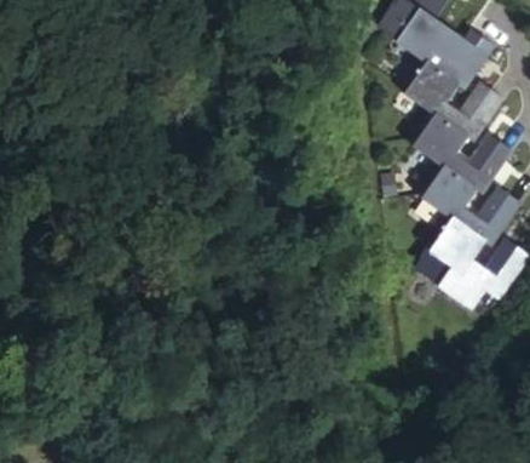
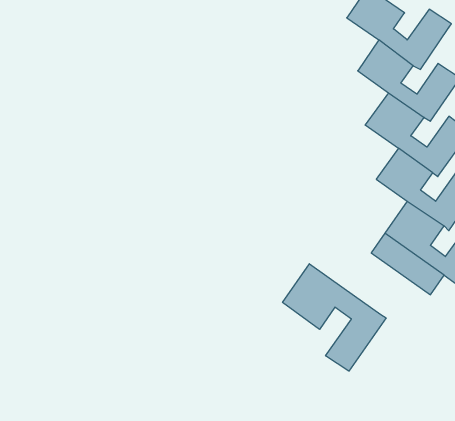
building: none -> [283,264,386,371]

